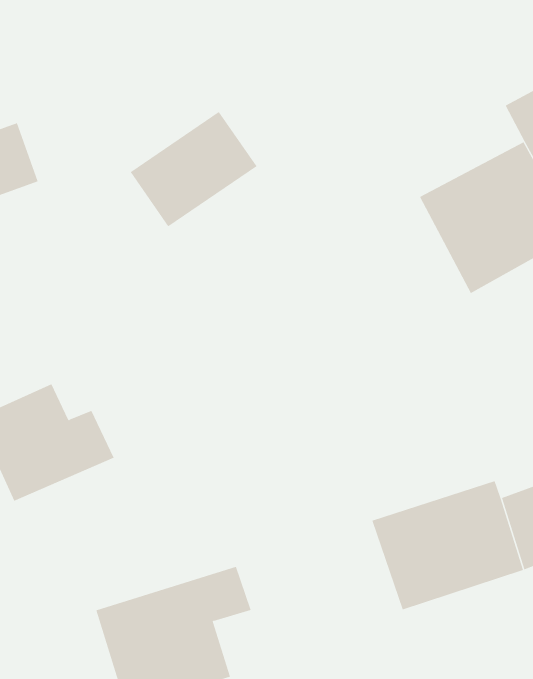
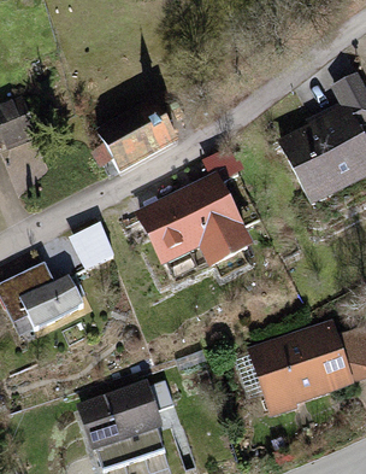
building: none -> [138,174,255,267]
building: none -> [69,223,116,273]

